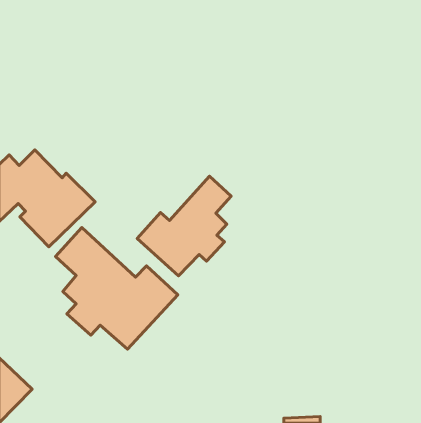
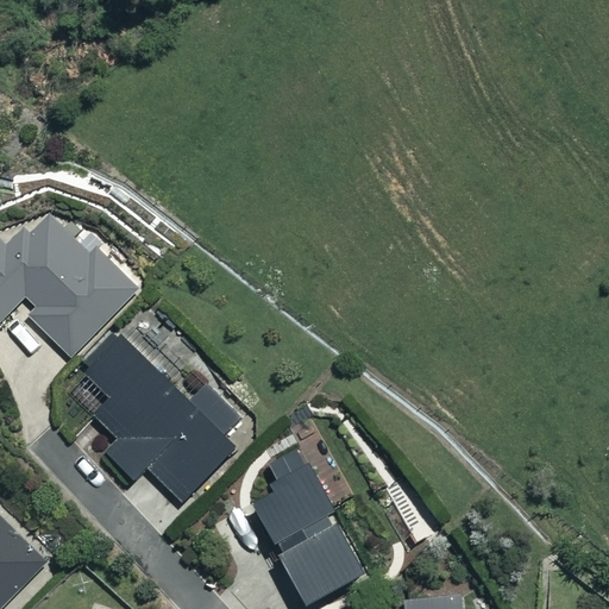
building: [137,176,231,276] -> none
building: none -> [256,459,363,599]

